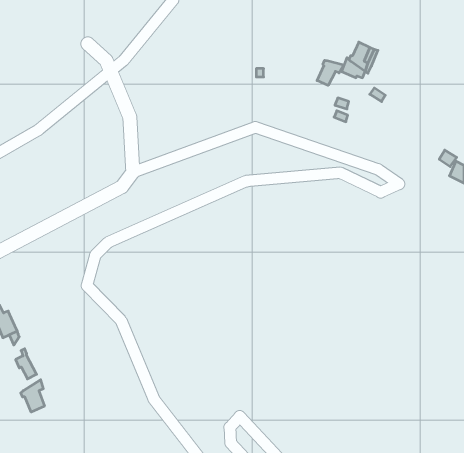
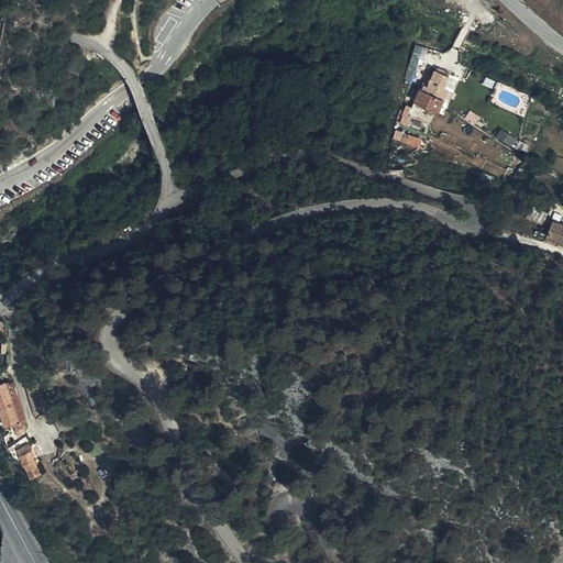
building: [317,60,344,85] -> none
building: [21,380,44,412] -> none

